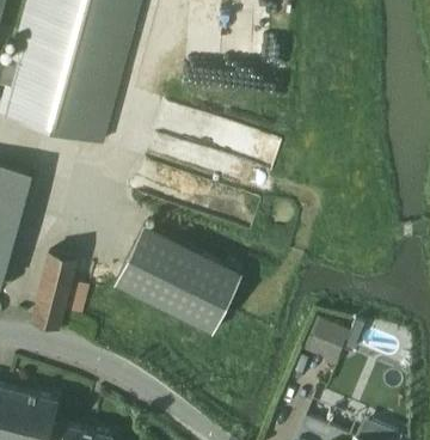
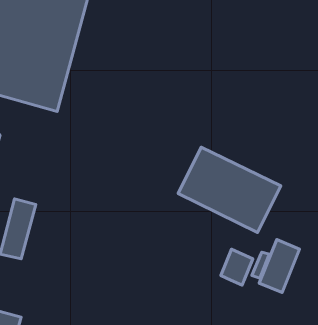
building: [113,227,240,332] -> [178,147,281,232]
building: none -> [259,239,300,292]

